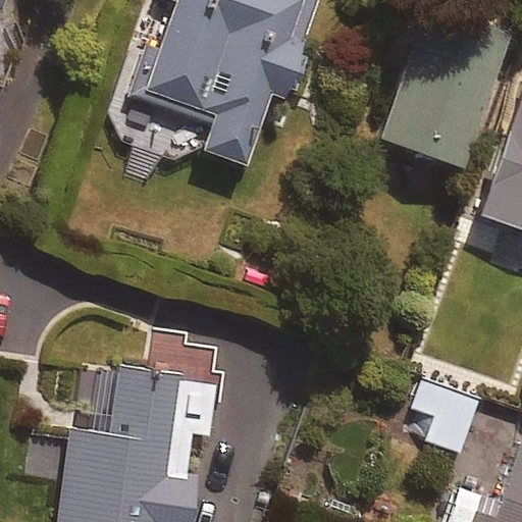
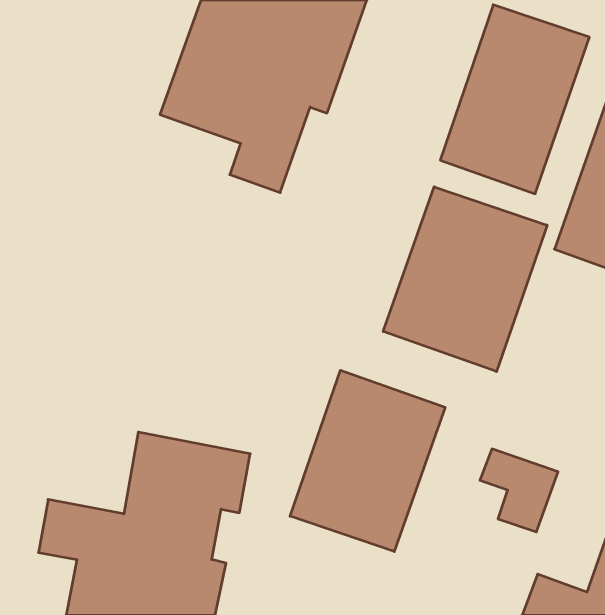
building: none -> [383,187,547,372]
building: none -> [290,370,445,552]

